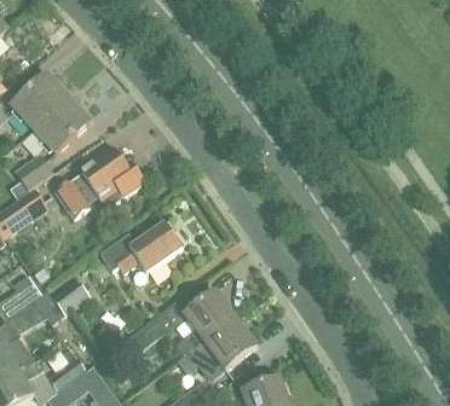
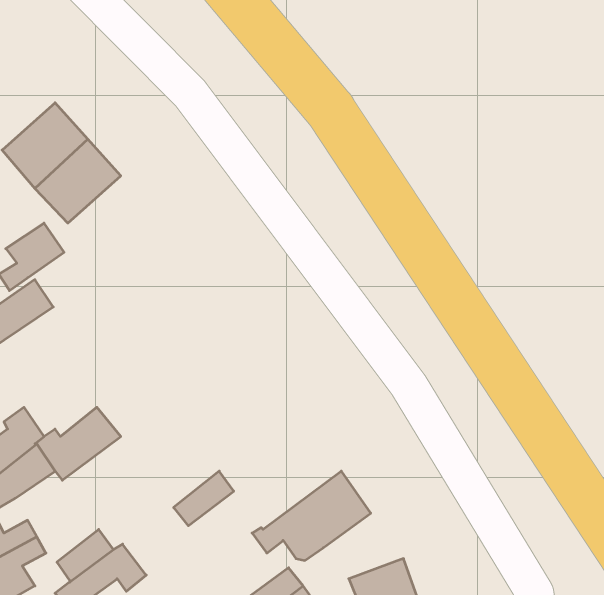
building: [56,146,144,218] -> none
building: [100,221,181,272] -> none
building: [175,290,237,356] -> none

